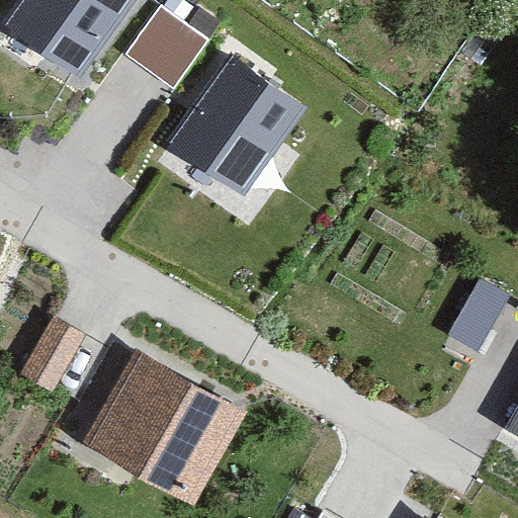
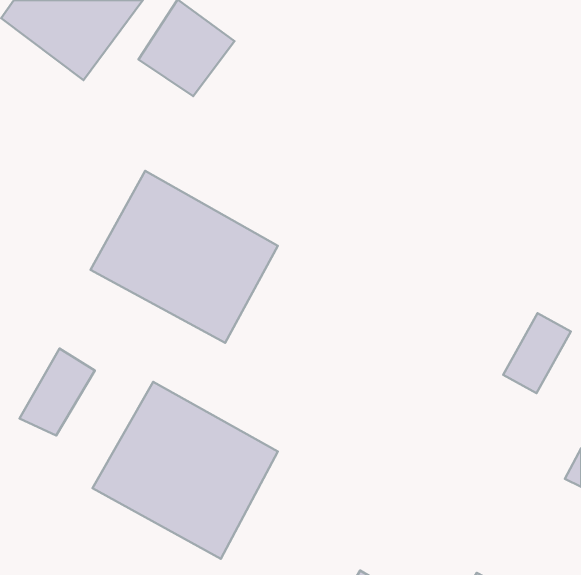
building: [167,56,301,194] -> none
building: none -> [90,171,278,343]

